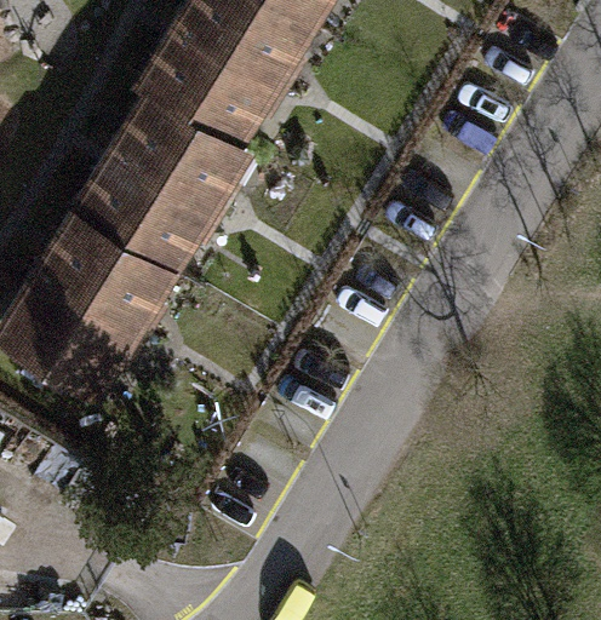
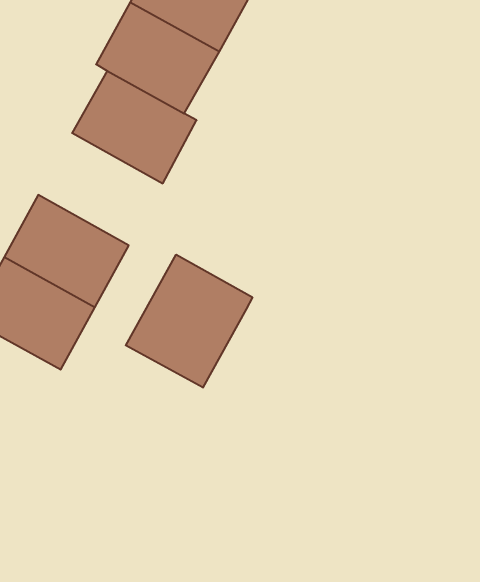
building: [86,142,212,258] -> none
building: none -> [126,255,252,388]

